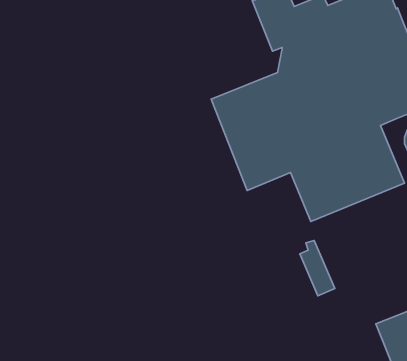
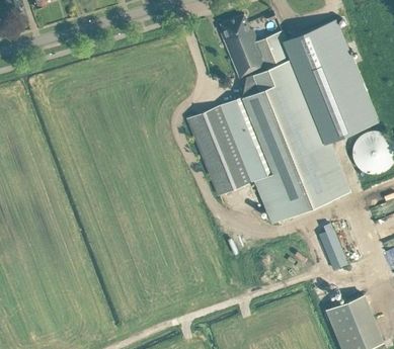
building: [300,240,335,296] -> [318,224,347,270]

